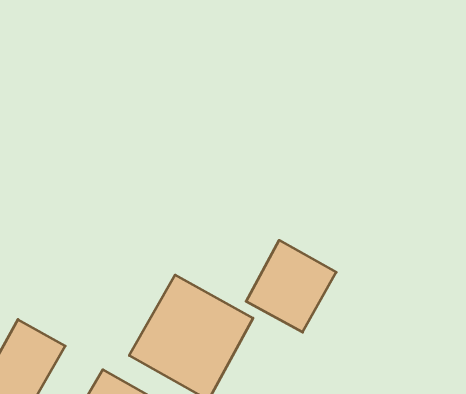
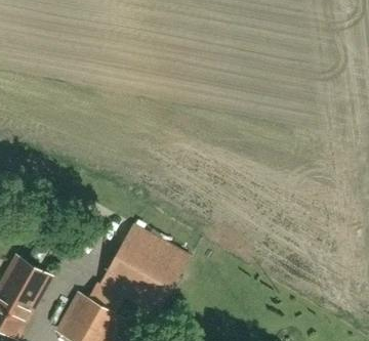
building: [246,240,336,332] -> none

